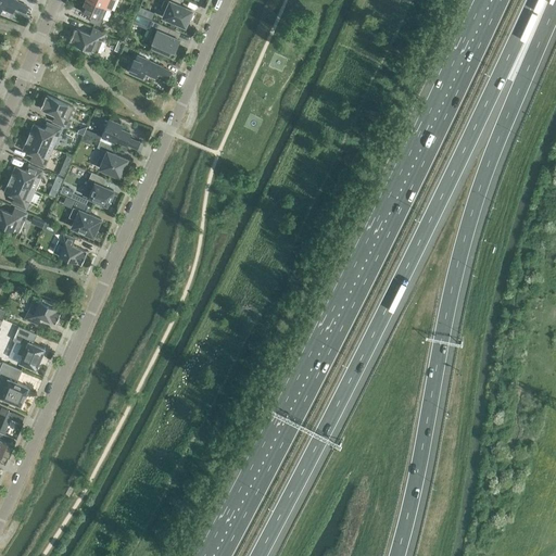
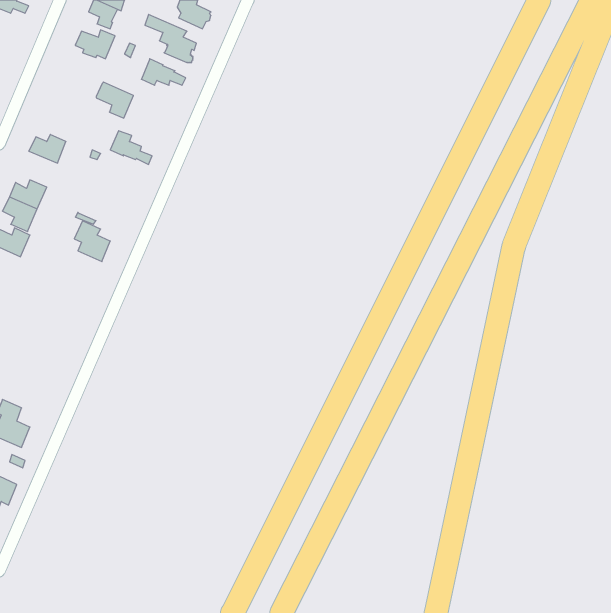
building: [39,94,73,127] -> [96,82,133,118]
building: [21,137,52,167] -> none
building: [96,140,126,176] -> none
building: [80,172,113,205] -> none
building: [58,232,86,265] -> none
building: [24,298,60,324] -> none
building: [12,326,43,369] -> none

